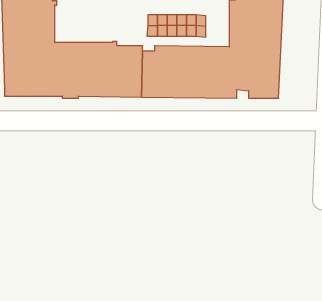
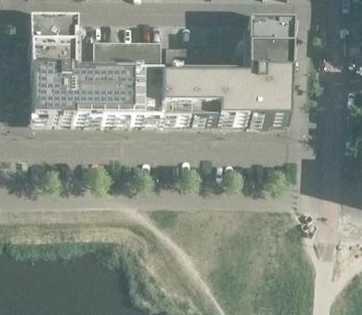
building: none -> [91,37,159,62]

